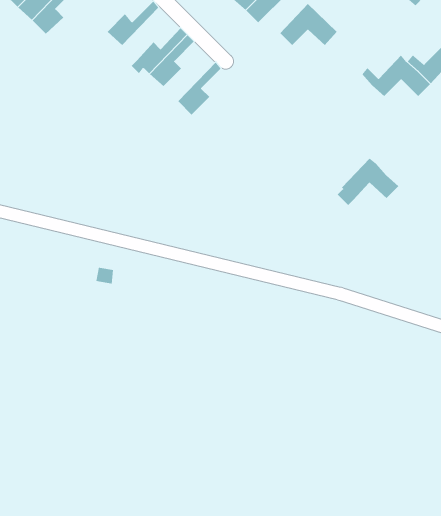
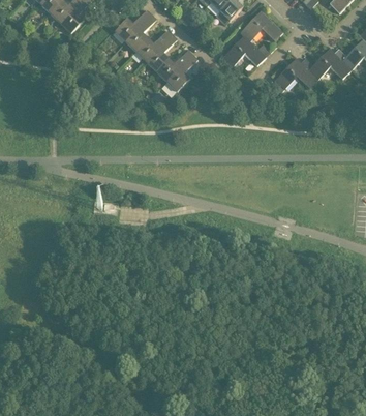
building: none -> [125,13,157,52]
building: none -> [222,35,265,67]
building: none -> [155,49,193,82]
building: [337,158,399,206] -> [271,58,316,93]

